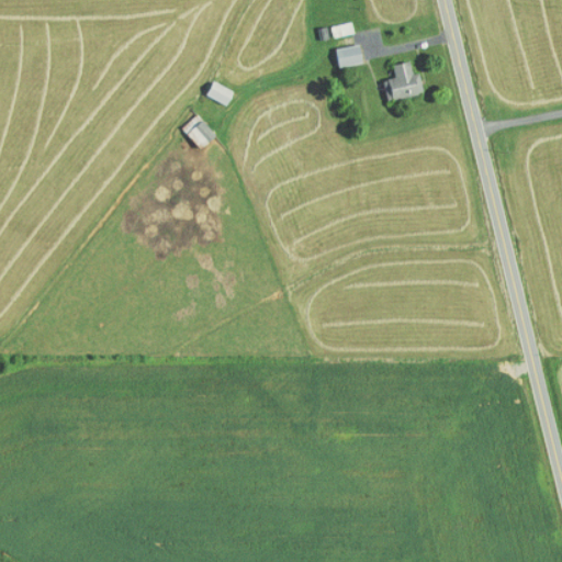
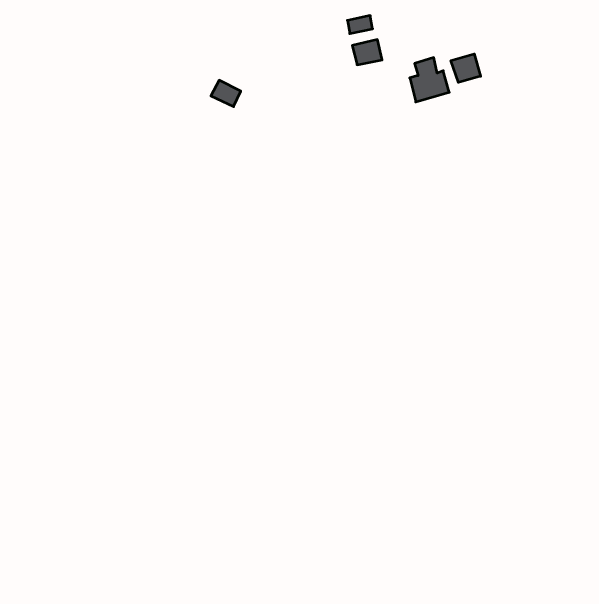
building: none -> [451,54,481,82]
building: [181,114,215,149] -> none

